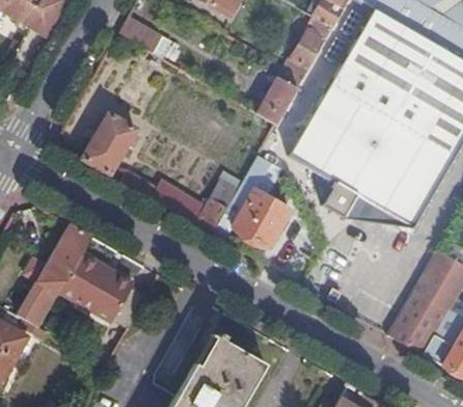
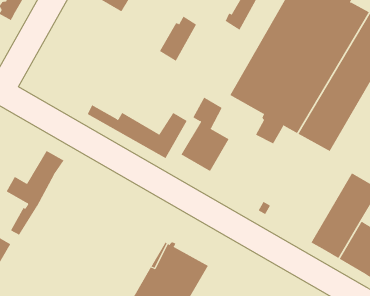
building: [257,70,303,125] -> [159,16,197,61]
building: [82,113,135,175] -> none
building: [59,253,146,329] -> none

